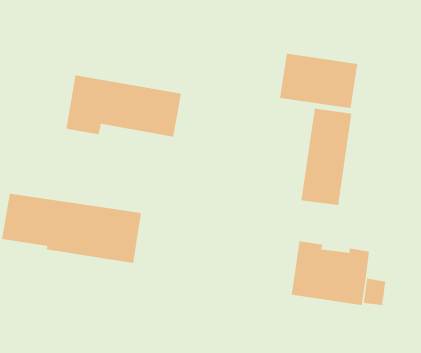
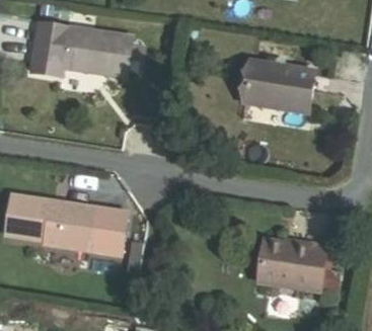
building: [66,75,182,137] -> [29,25,131,80]
building: [301,108,352,206] -> none

